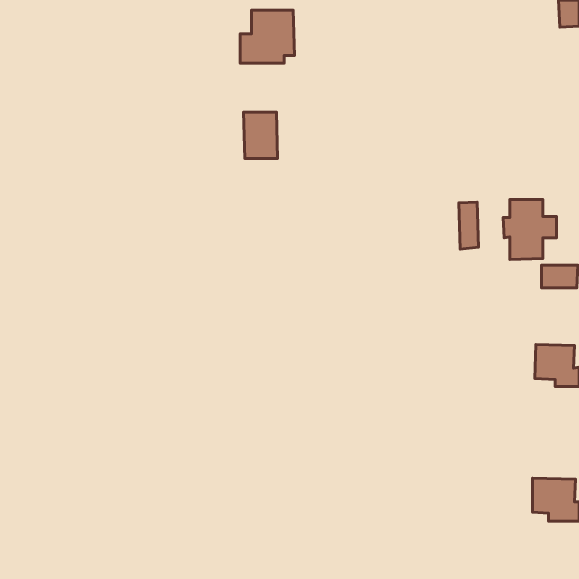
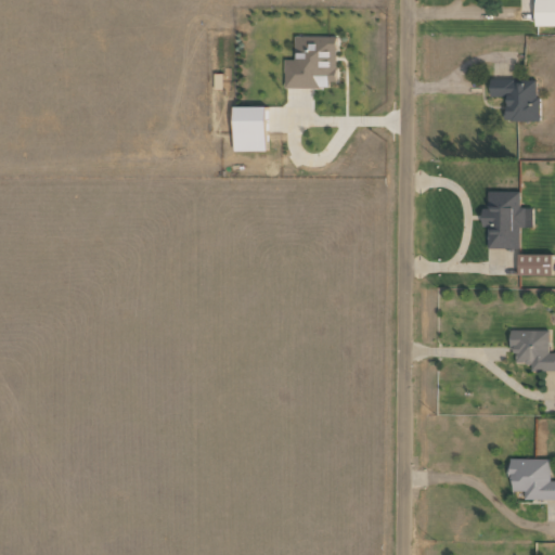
building: [240,10,294,63] -> [285,37,337,88]
building: none -> [490,80,538,121]
building: [459,202,479,249] -> none

